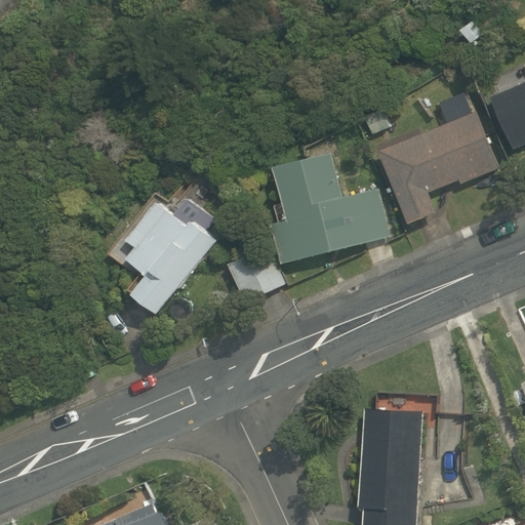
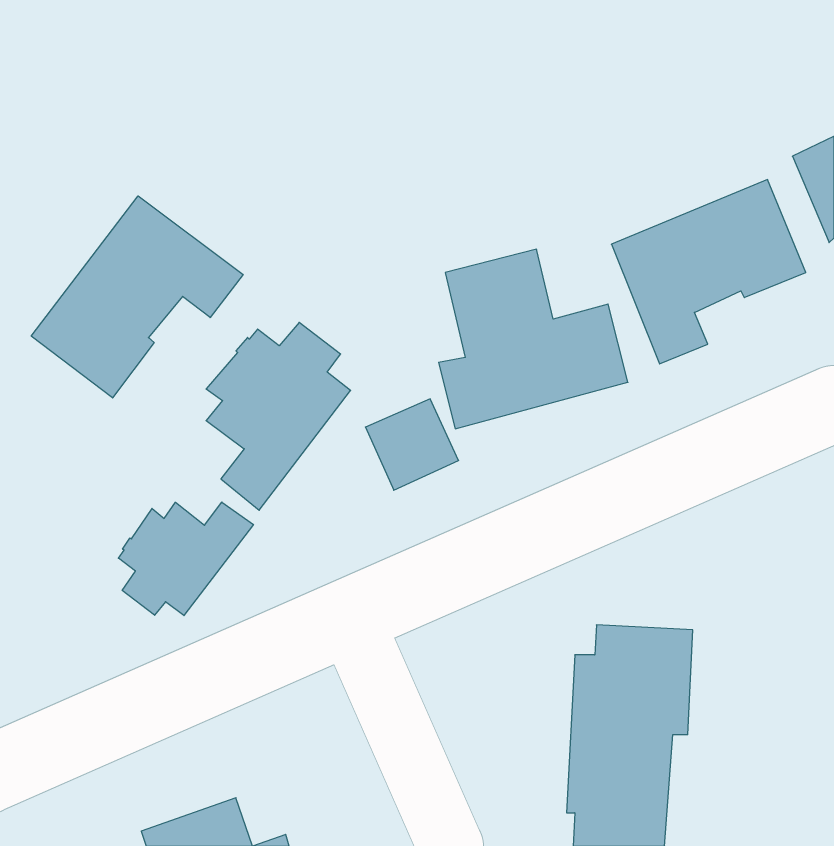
building: none -> [31,196,243,398]
building: none -> [118,502,253,616]

